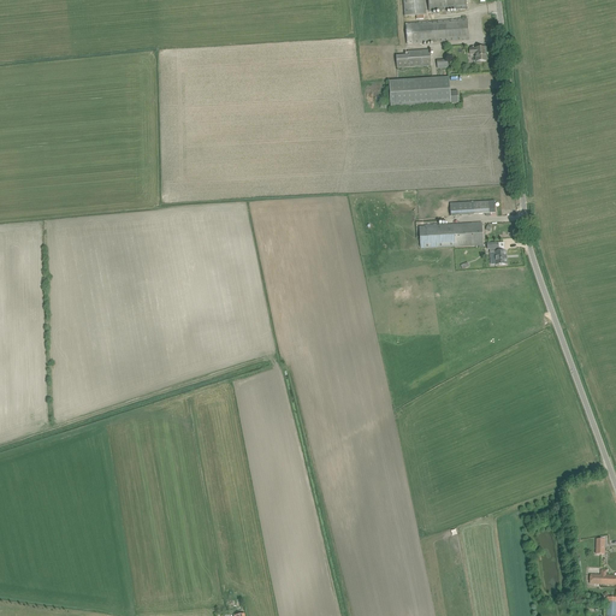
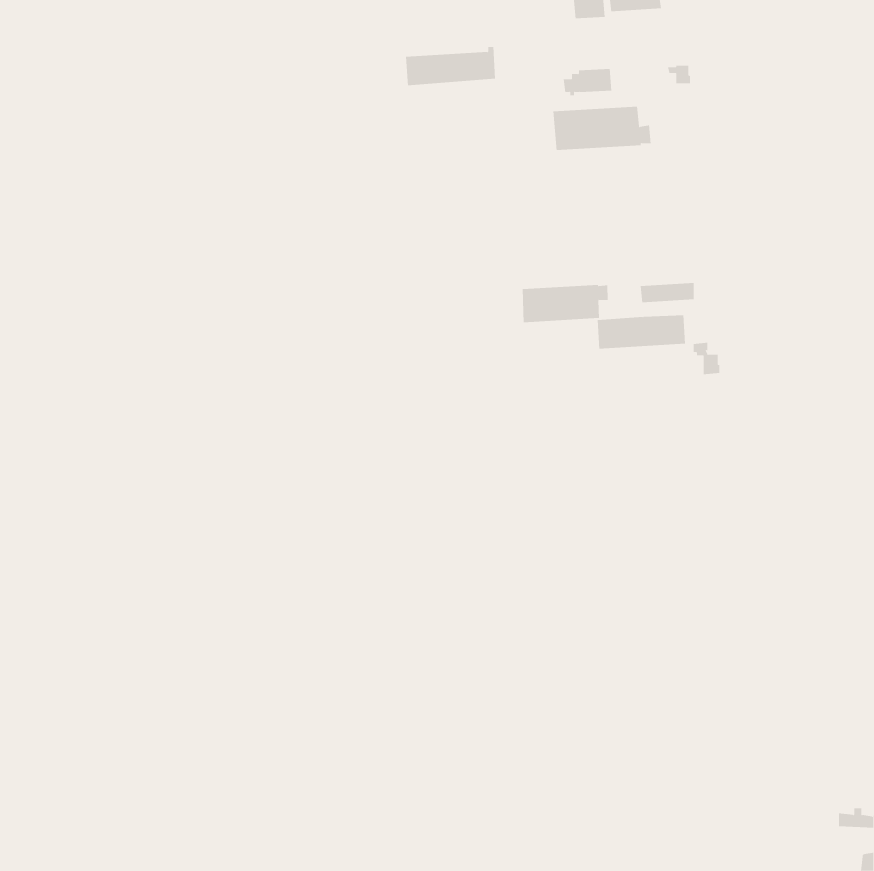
building: [404,14,468,42] -> [405,46,496,86]
building: none -> [522,284,608,323]

